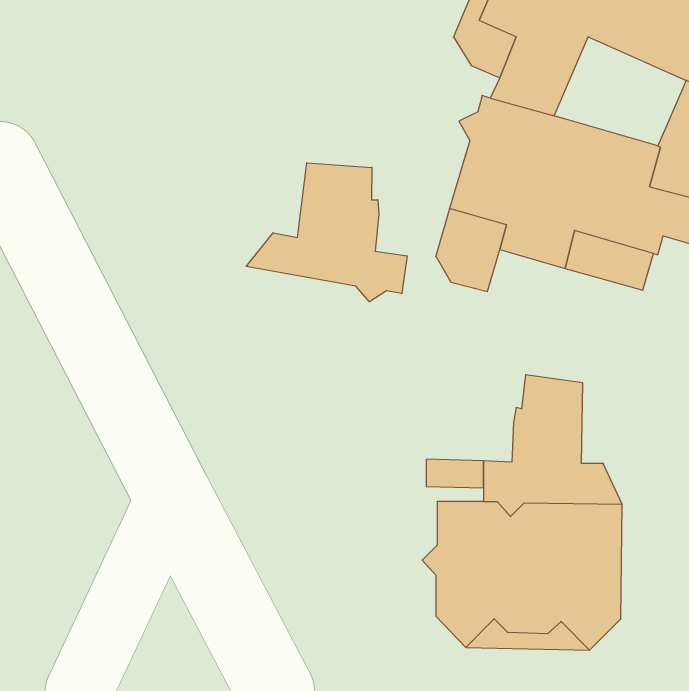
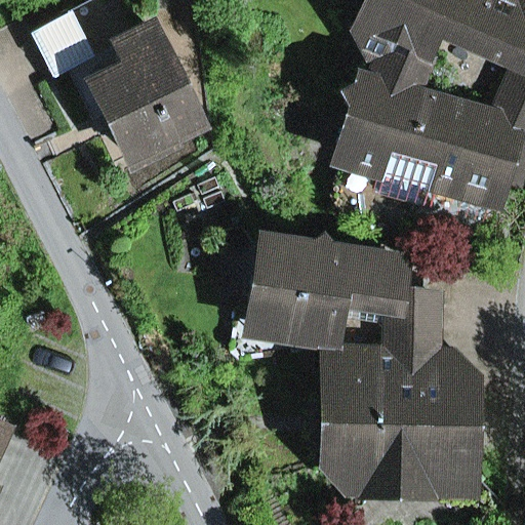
building: none -> [46,12,202,152]
building: [246,163,407,302] -> none
building: none -> [234,237,404,358]

